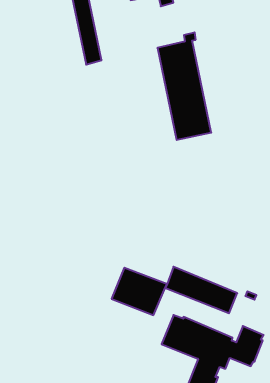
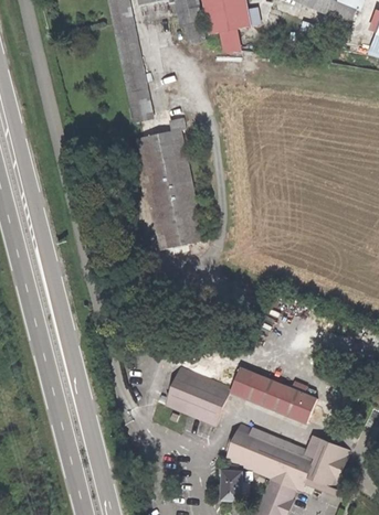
building: [157,32,211,140] -> [137,118,202,248]
building: none -> [220,469,241,498]

